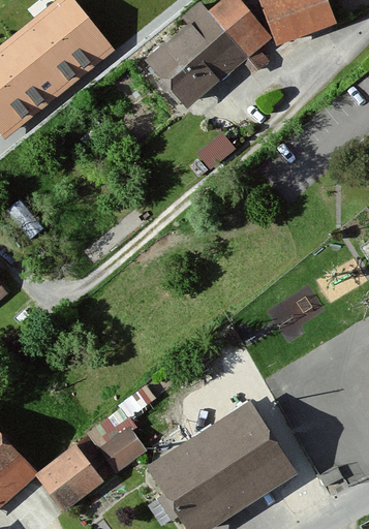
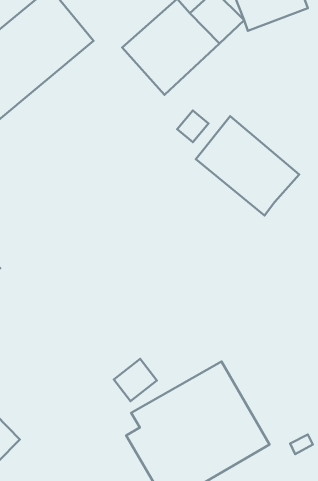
building: none -> [196,116,299,215]
building: [99,425,145,469] -> [114,359,157,401]
building: [40,441,103,504] -> none

